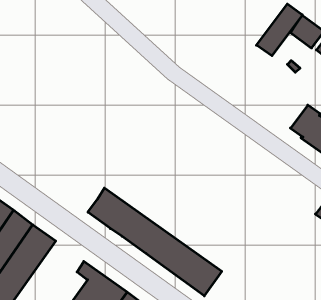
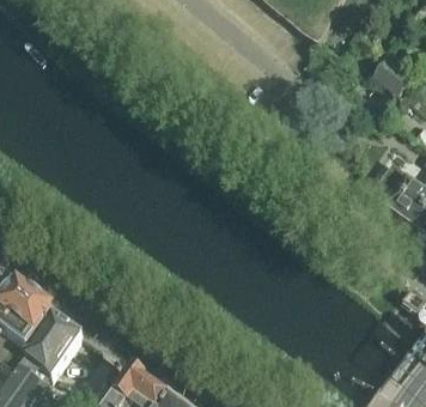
building: [256,4,302,56] -> none
building: [88,188,222,296] -> none

